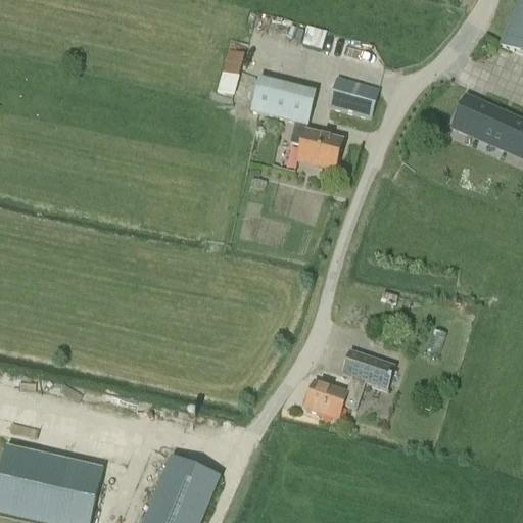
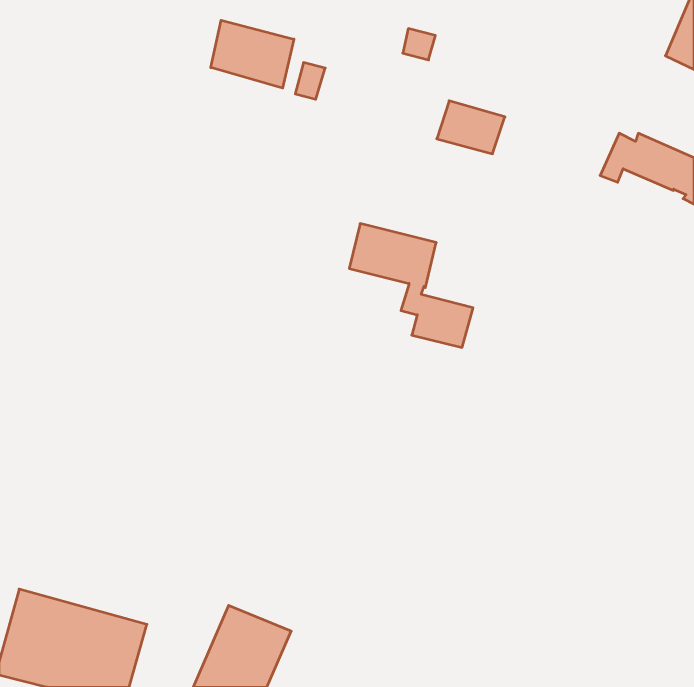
building: none -> [211,20,294,88]
building: [250,76,343,169] -> [349,224,473,347]
building: [303,349,395,418] -> none

